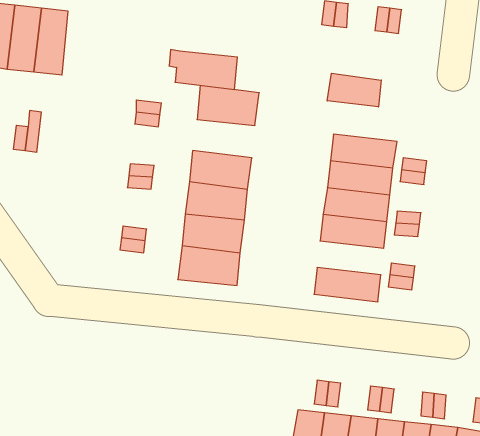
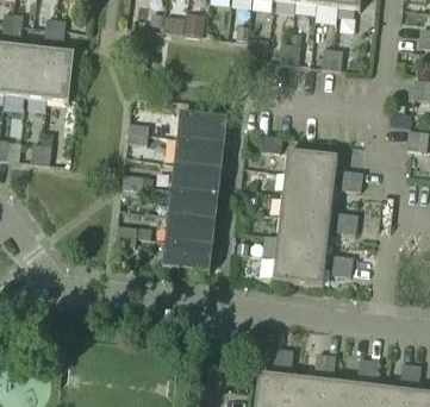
building: [169,50,237,90] -> [169,134,224,167]
building: [327,73,381,107] -> none
building: none -> [274,233,328,261]

